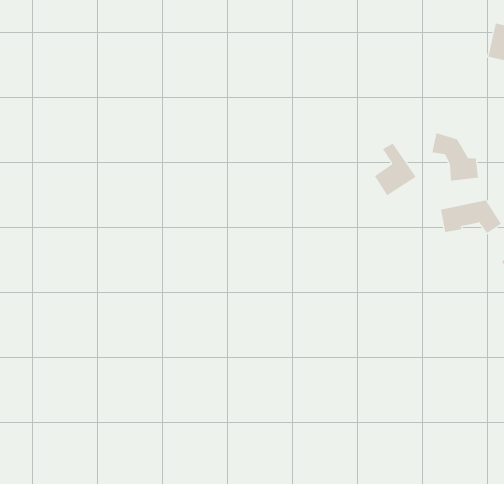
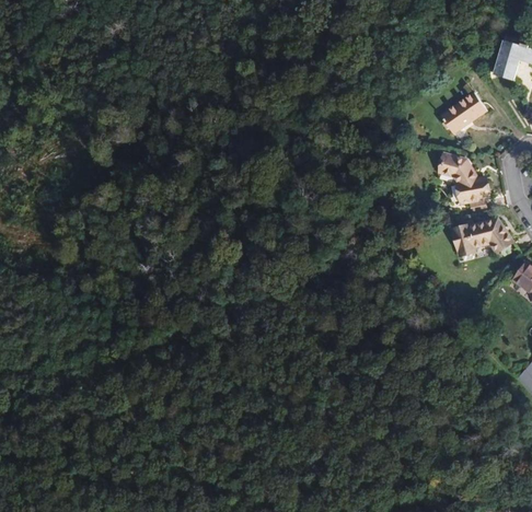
building: none -> [438,95,486,139]
building: [374,143,416,196] -> none

